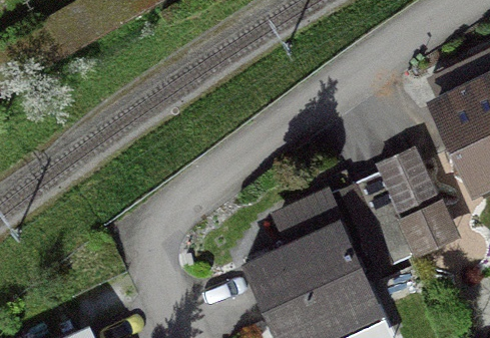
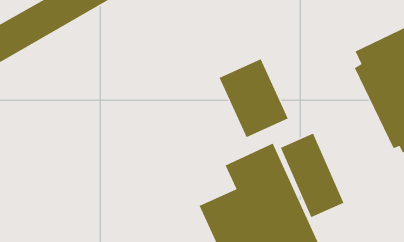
building: none -> [218,58,289,138]
building: [374,145,462,257] -> none

